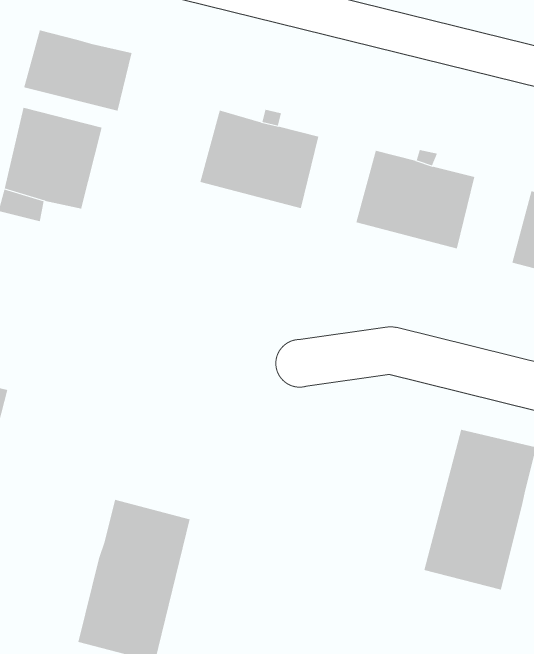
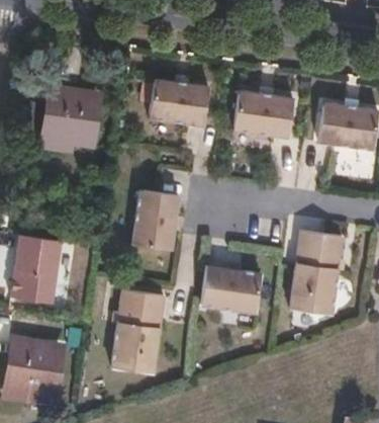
building: [24,29,132,112] -> none
building: none -> [131,191,178,252]
building: none -> [200,266,261,314]

